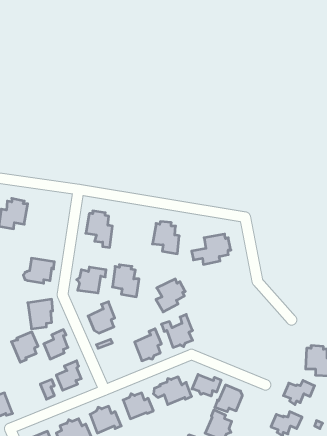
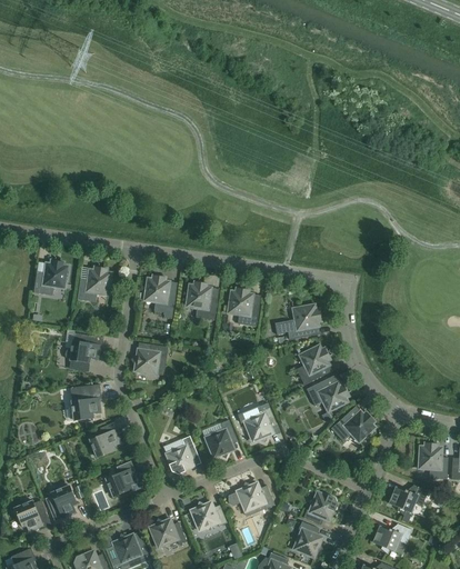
building: none -> [77,264,113,302]
building: [112,265,139,297] -> [184,280,218,320]
building: [156,279,185,312] -> [296,343,332,385]
building: none -> [307,379,351,413]
building: [88,302,115,333] -> [164,436,198,475]
building: none -> [330,408,378,449]
building: [11,332,38,362] -> [44,486,78,523]
building: [192,374,221,396] -> none

